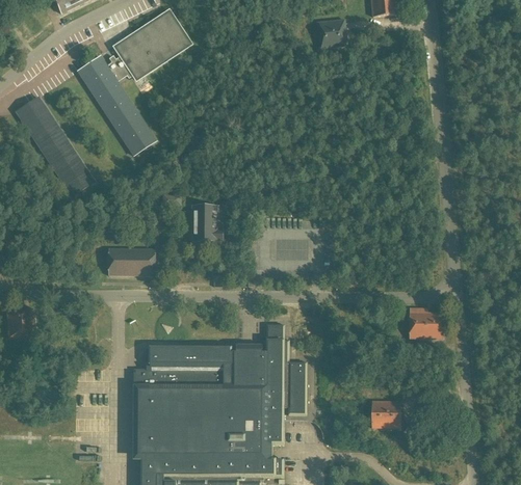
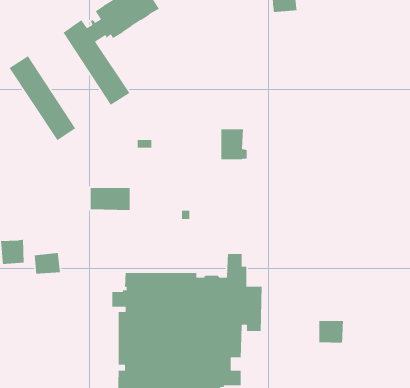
building: [191,205,223,241] -> [220,129,248,160]
building: [409,307,443,339] -> none
building: none -> [34,252,61,275]

